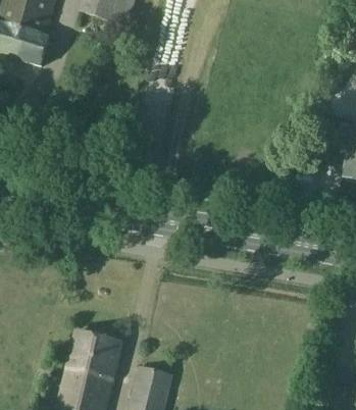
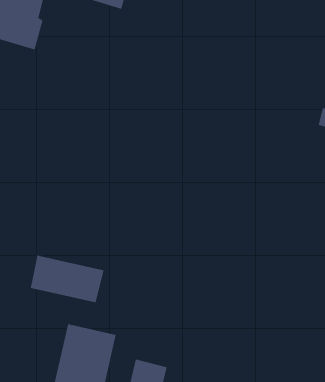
building: none -> [30,255,104,303]

